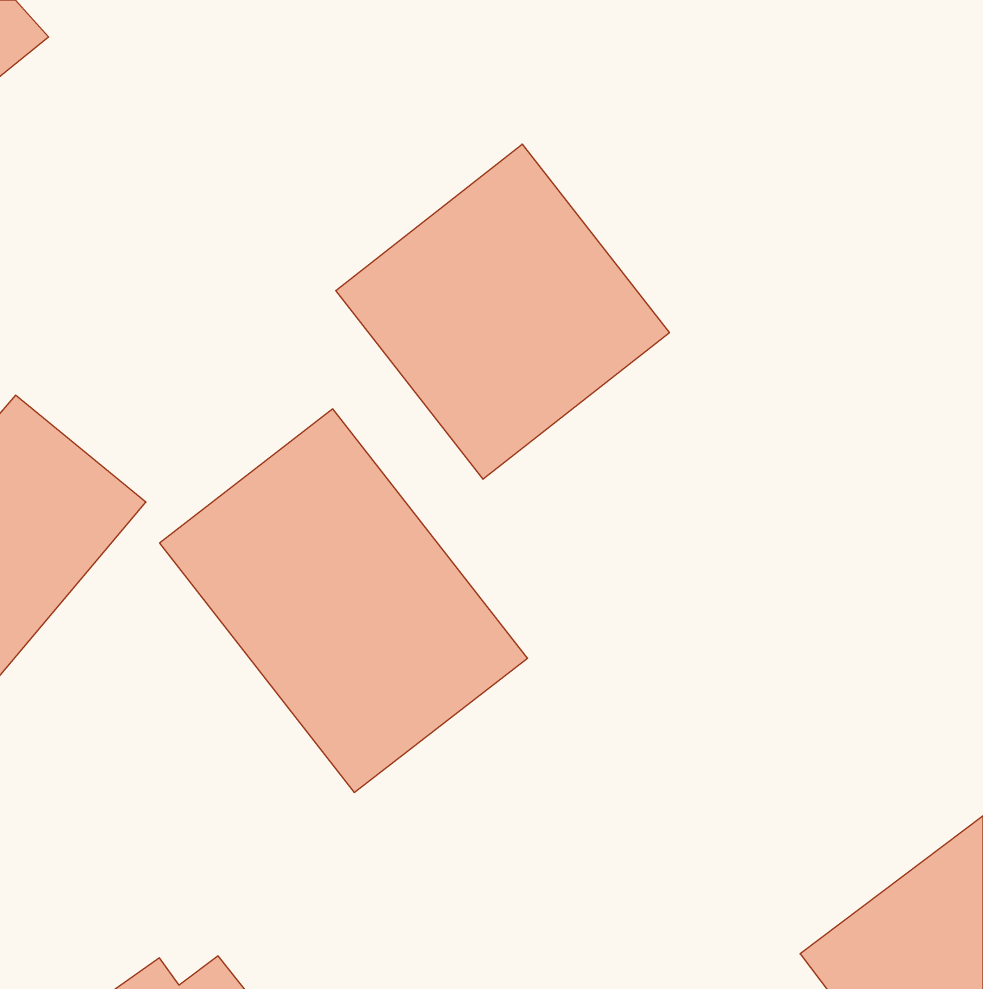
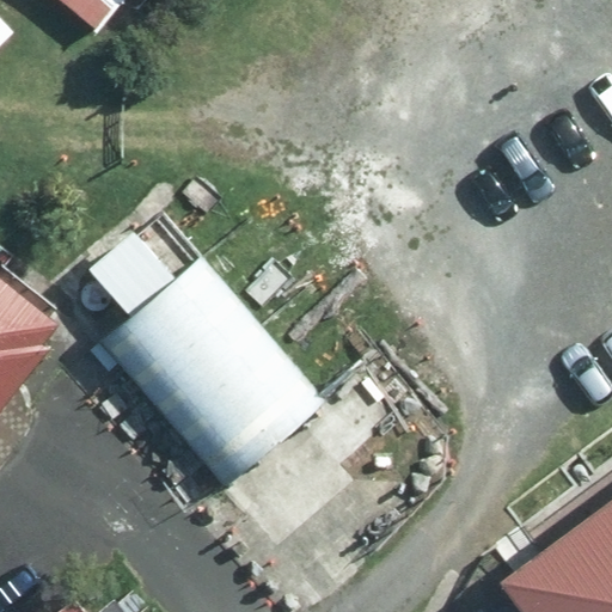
building: [336,144,669,479] -> none

